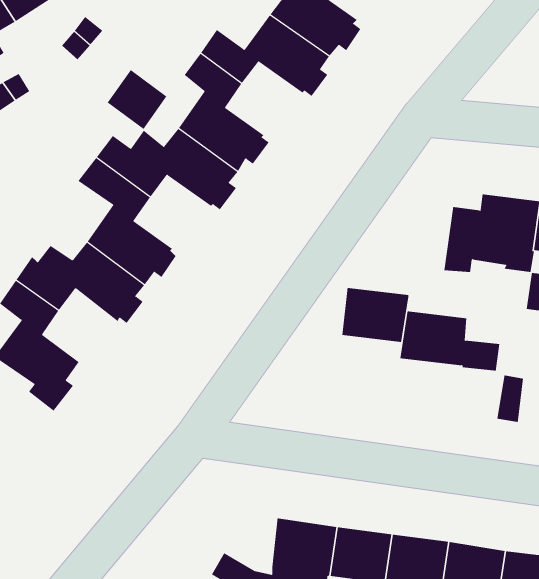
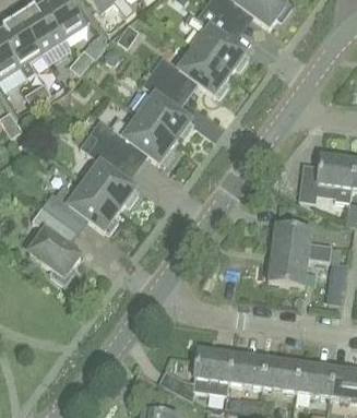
building: [107,69,167,130] -> none
building: [341,288,409,342] -> [267,252,308,285]

